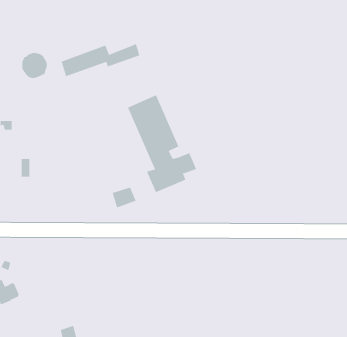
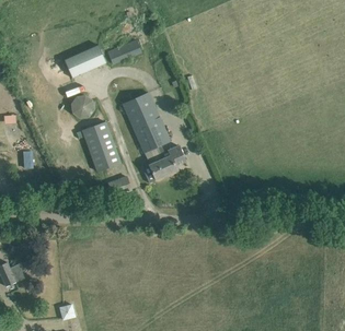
building: [21,53,47,79] -> [70,94,94,118]
building: none -> [81,120,122,172]

